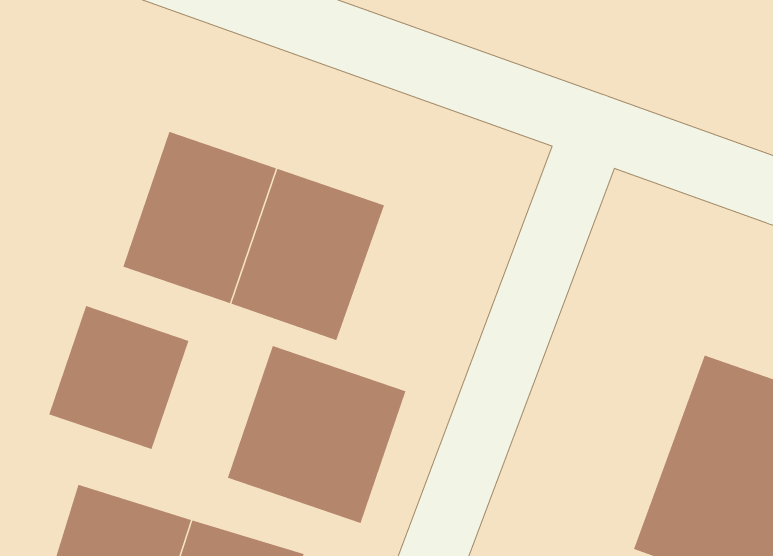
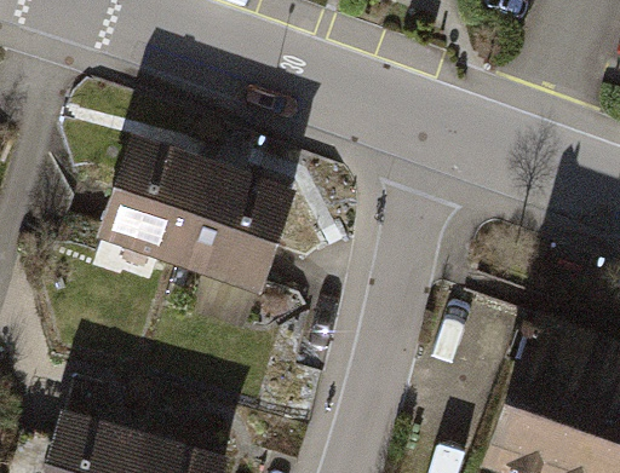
building: [49,305,189,450] -> none
building: [227,345,406,524] -> none

